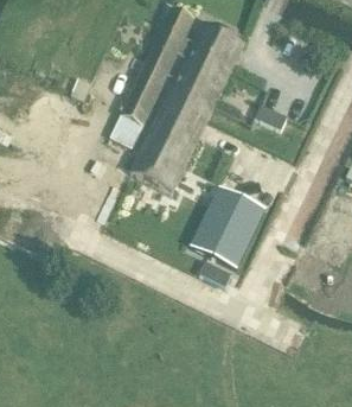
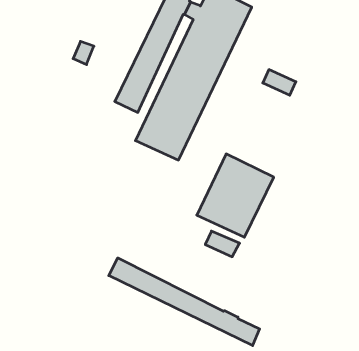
building: none -> [109,258,260,346]

